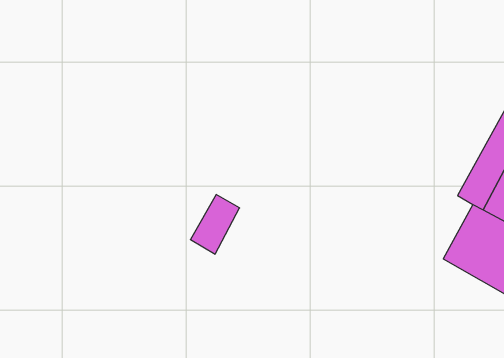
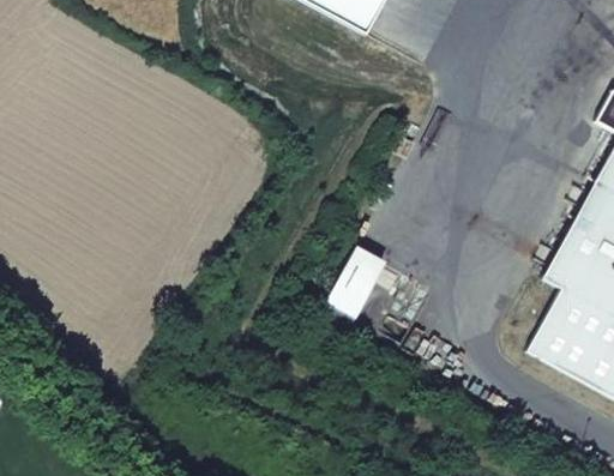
building: [190,195,240,254] -> [329,246,386,315]

